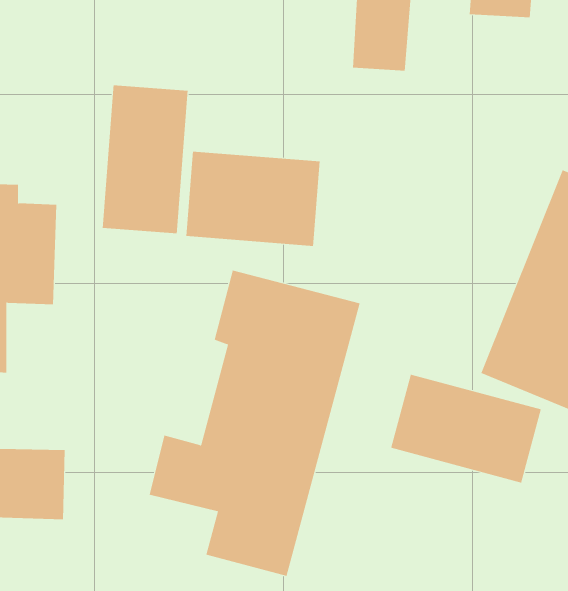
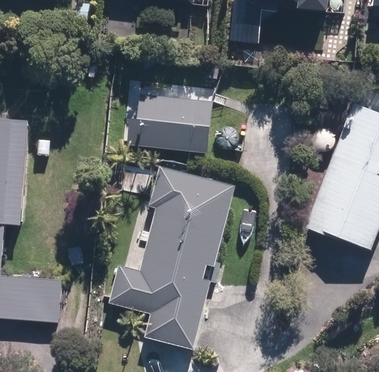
building: [102,85,188,234] -> none
building: [390,374,541,483] -> none

